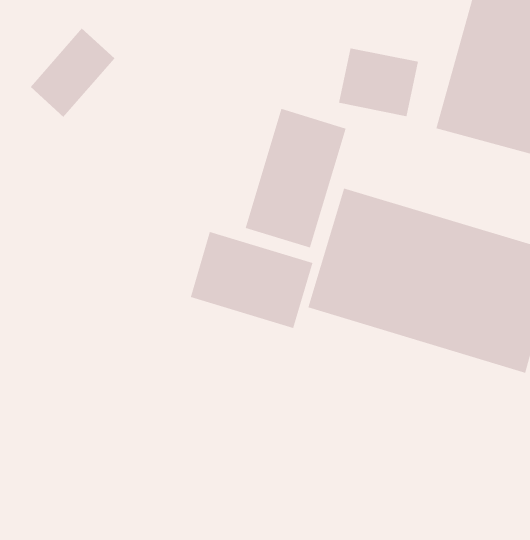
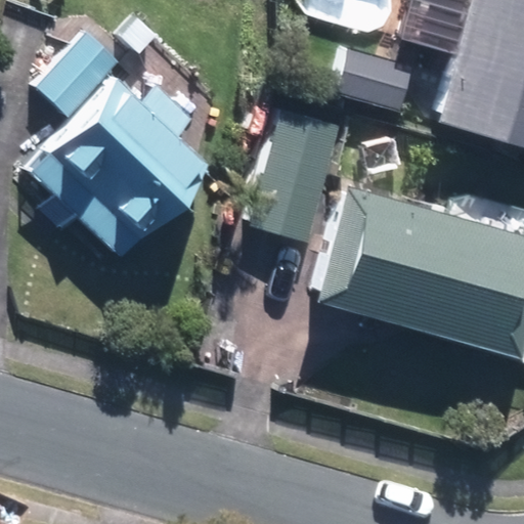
building: none -> [27,60,224,259]
building: [190,231,313,329] -> none

